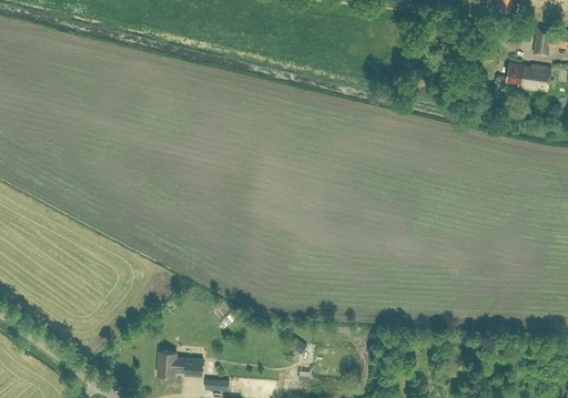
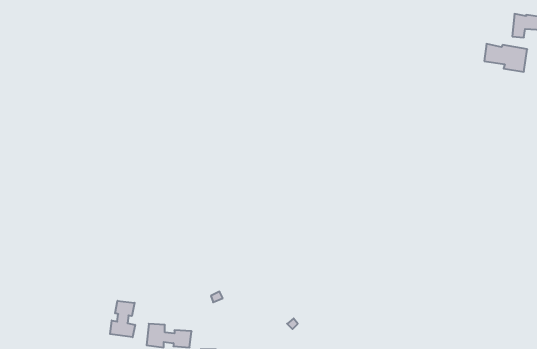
building: none -> [110,301,135,337]

